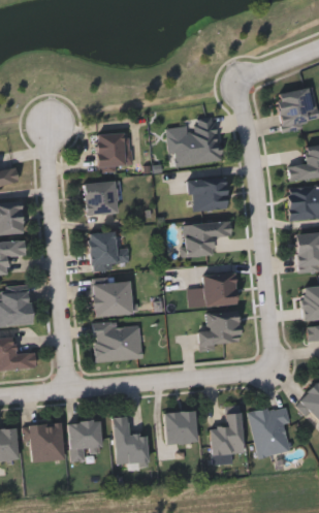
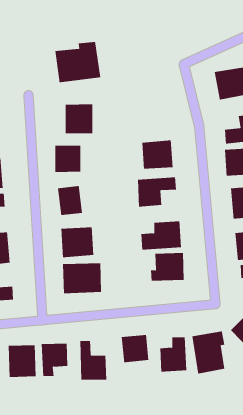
building: [166,118,222,167] -> [54,42,101,83]

